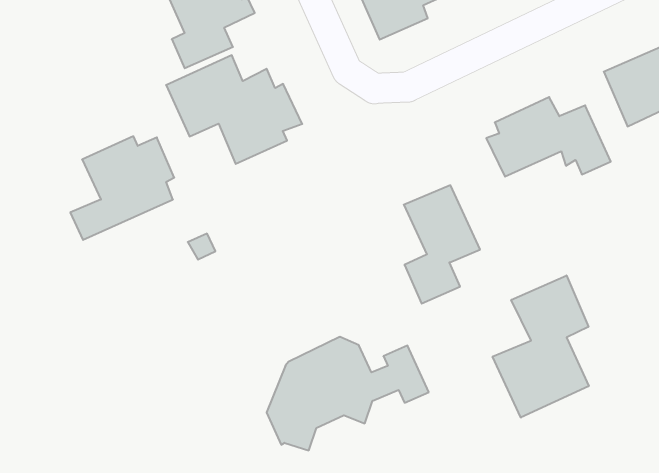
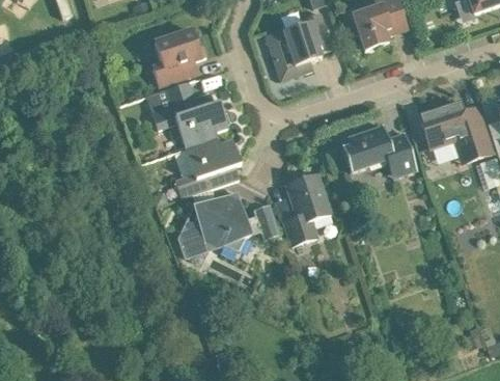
building: [70,136,174,240] -> [174,136,241,197]
building: [493,275,589,418] -> none
building: [267,337,429,450] -> [177,194,279,263]

